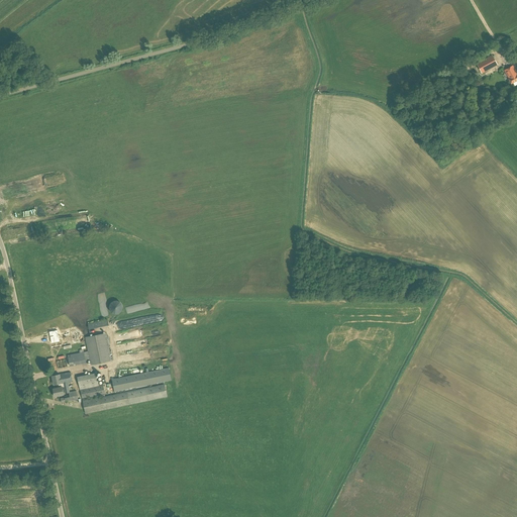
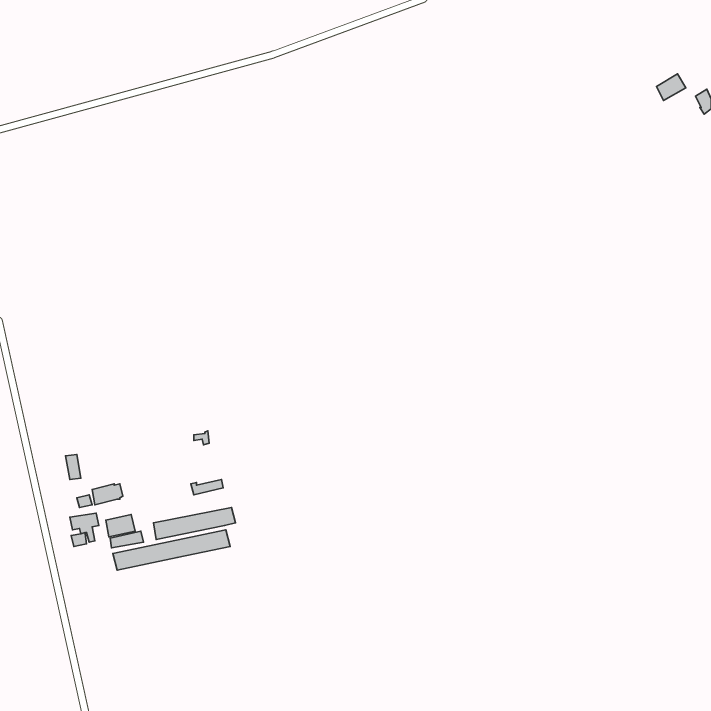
building: [85,332,110,364] -> none

